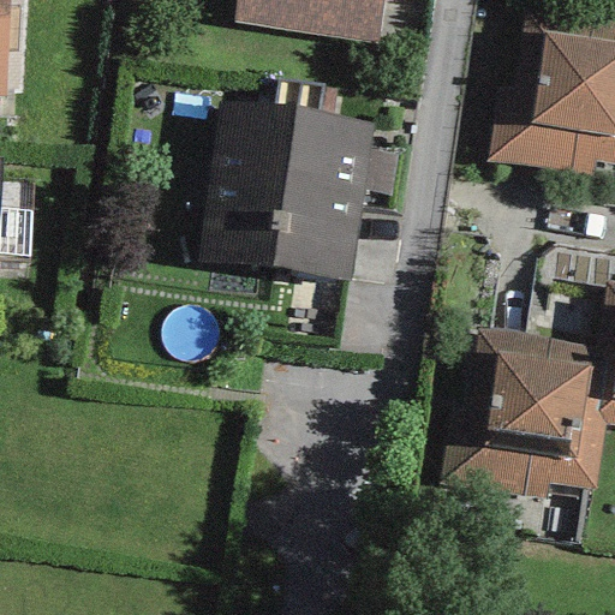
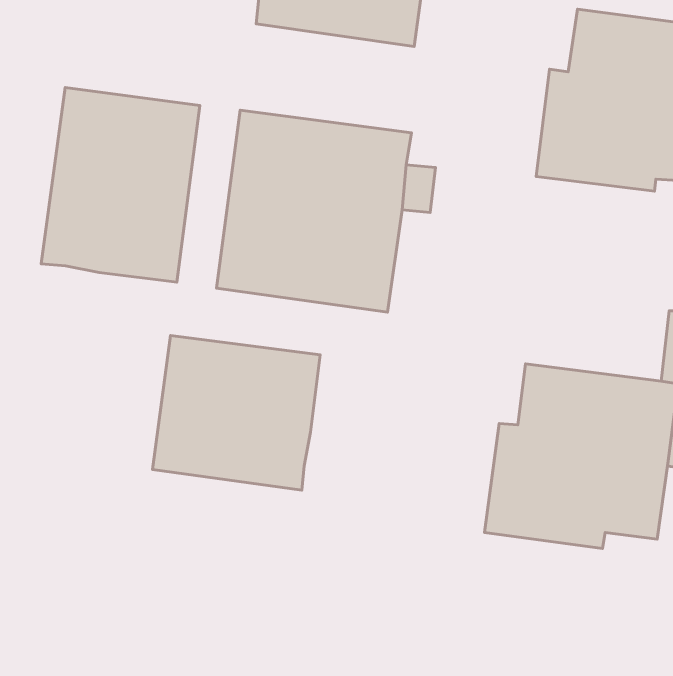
building: none -> [41,87,200,282]
building: none -> [153,336,320,490]

